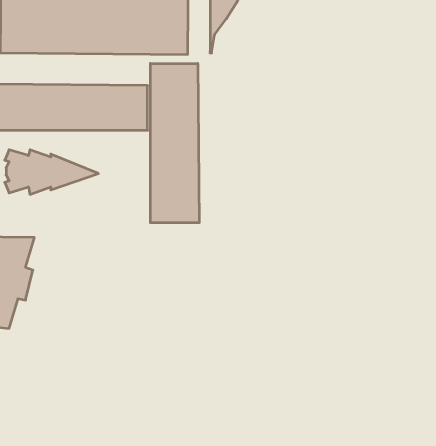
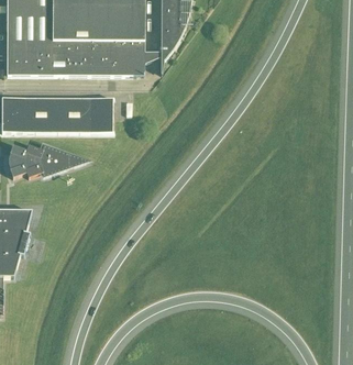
building: [150,63,199,223] -> none

